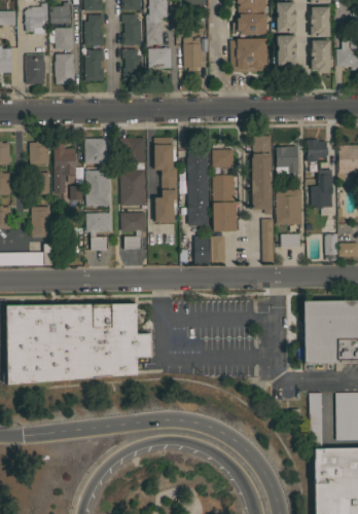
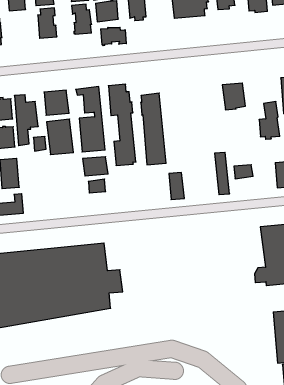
building: [55,54,74,84] -> none
building: none -> [101,27,126,46]
building: [252,136,272,215] -> none
building: [308,140,327,162] -> none
building: [212,148,234,168] -> none
building: [212,175,237,232] -> none
building: [276,189,302,225] -> none
building: [86,213,111,251] -> none
building: [194,236,209,264] -> none

